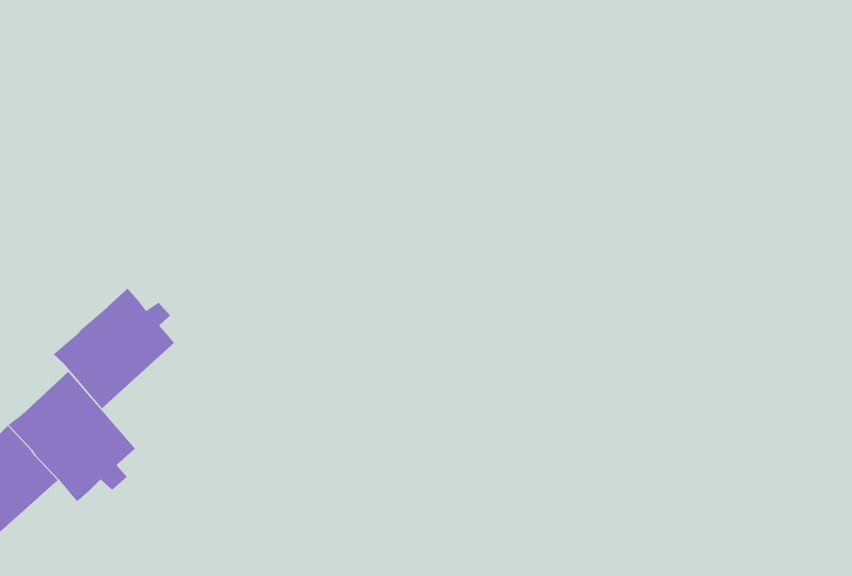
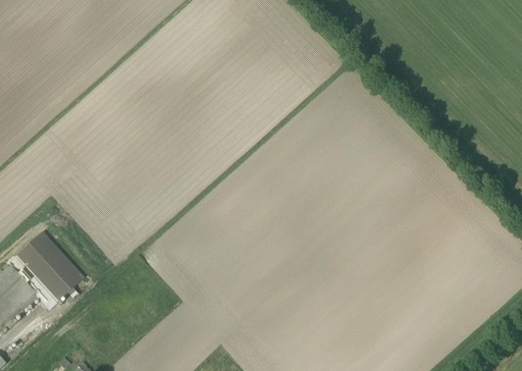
building: [53,288,175,409] -> none

